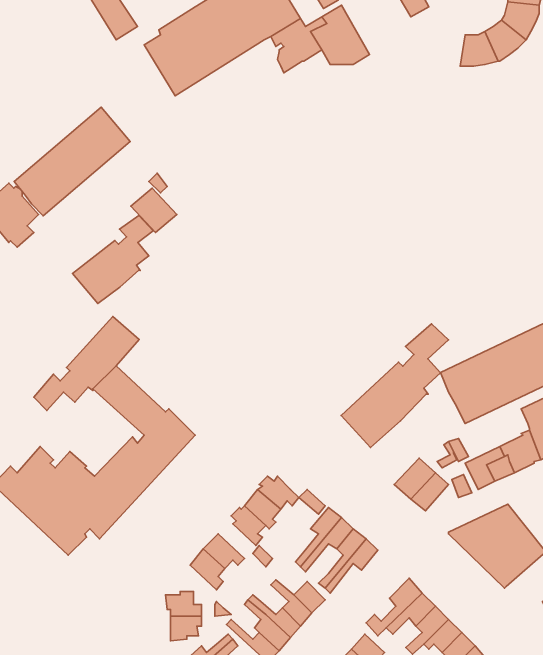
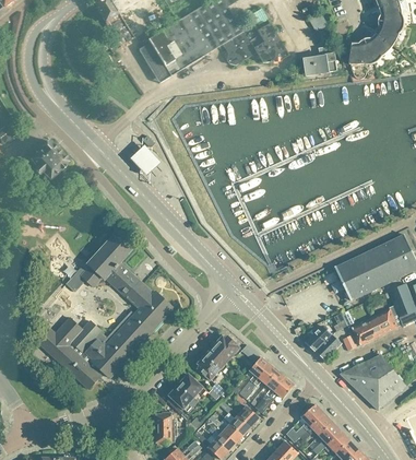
building: none -> [302,46,336,75]
building: [14,107,130,216] -> none
building: [73,215,153,304] -> none
building: [341,324,448,447] -> none

